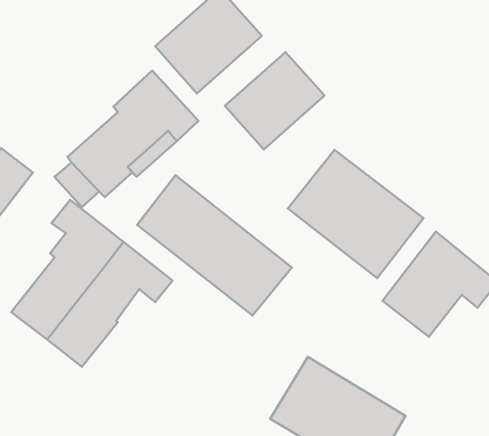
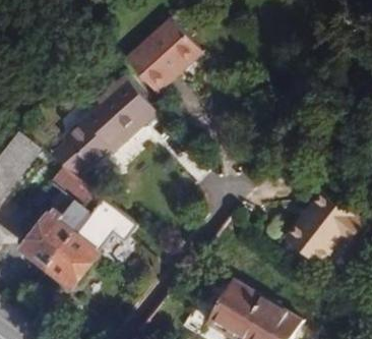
building: [225,52,325,150] -> none
building: [288,150,423,278] -> none
building: [137,175,292,315] -> none

